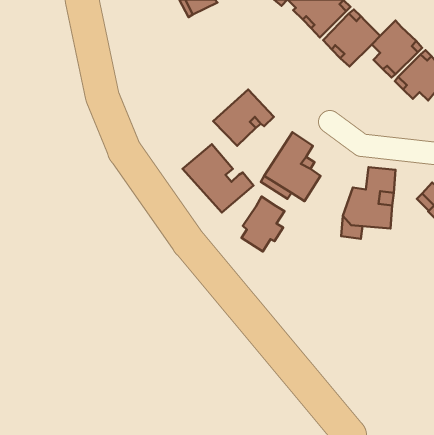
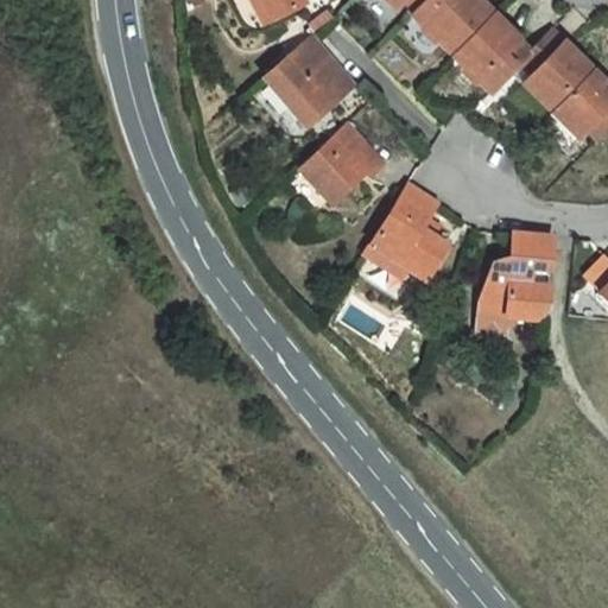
building: none -> [264,36,355,127]
building: [182,144,253,213] -> none
building: [241,197,284,252] -> none

